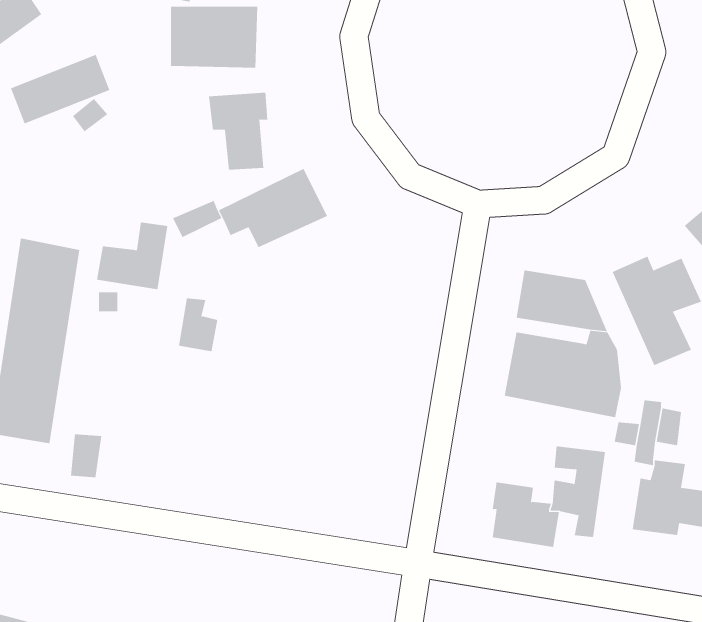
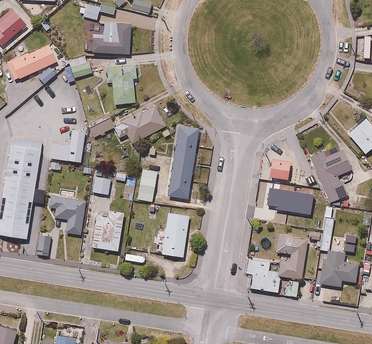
building: none -> [167,126,199,198]
building: none -> [135,168,156,202]
building: none -> [49,188,86,234]
building: none -> [92,209,125,251]
building: none -> [154,212,189,257]

